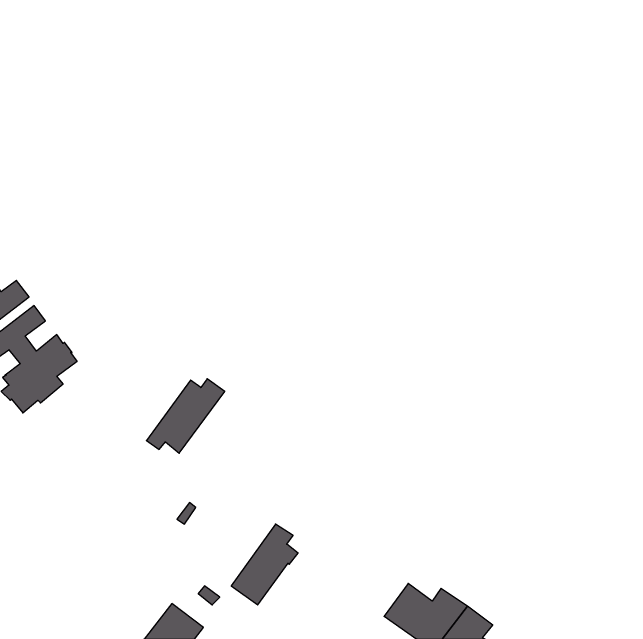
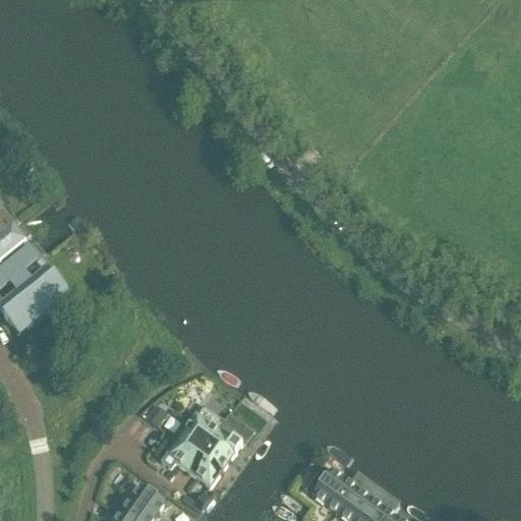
building: [146,379,225,453] -> [159,412,222,472]

